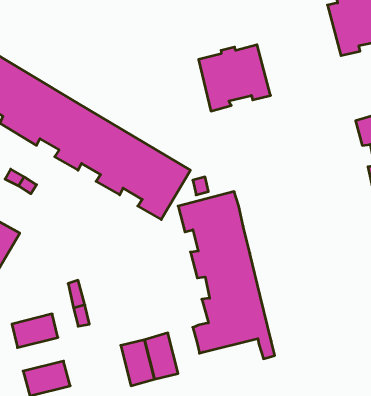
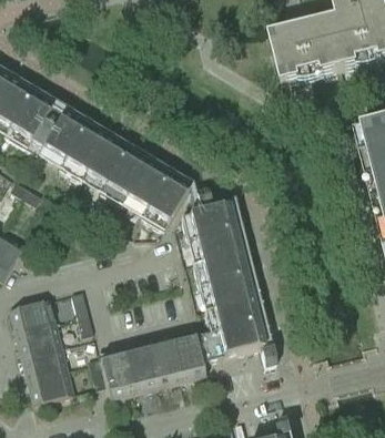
building: [199,45,271,111] -> [269,19,340,84]
building: none -> [8,299,54,334]
building: none -> [169,337,203,383]
building: none -> [20,347,65,380]
building: none -> [87,355,132,400]

